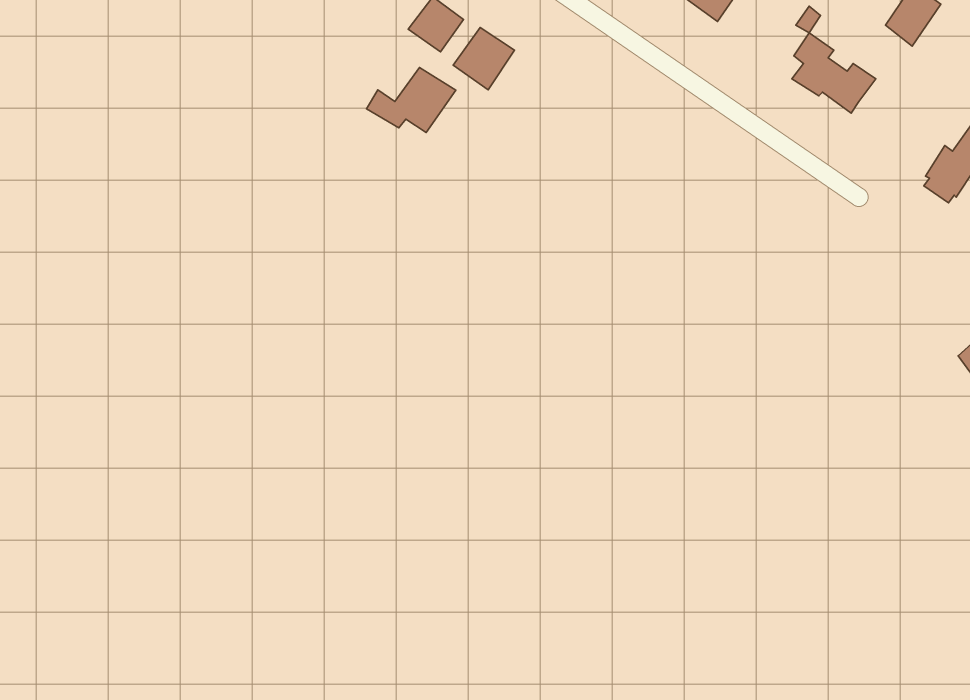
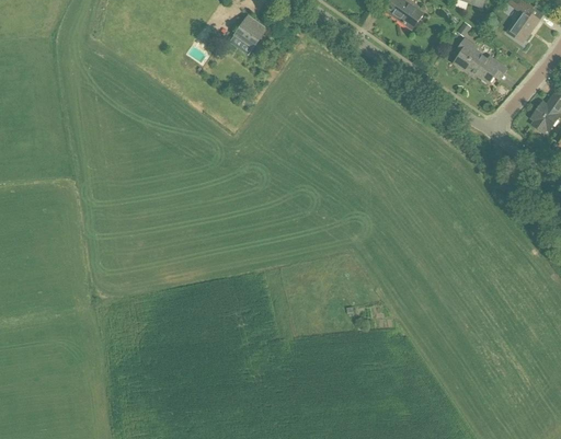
building: [453,27,514,90] -> none
building: [366,67,456,132] -> none

